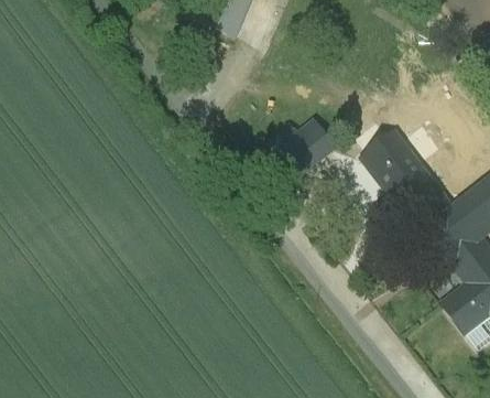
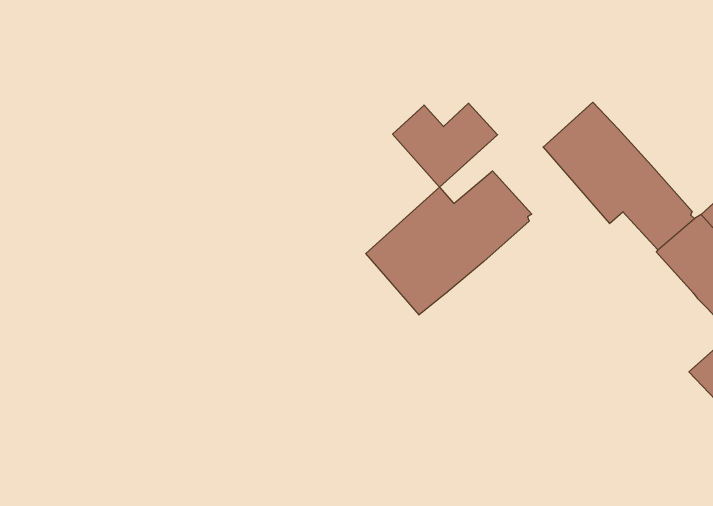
building: none -> [366,171,532,315]

